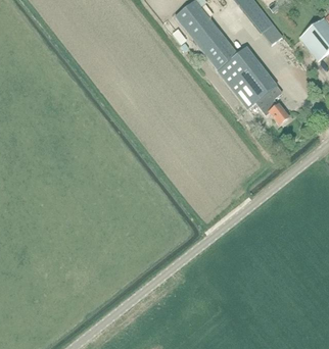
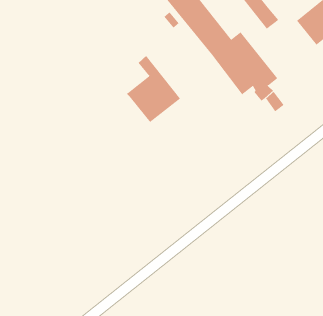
building: none -> [126,55,181,123]

